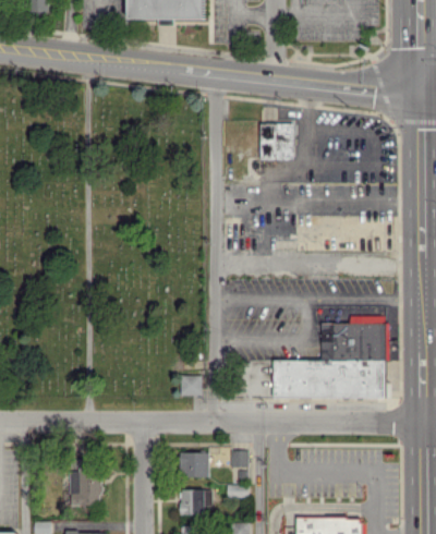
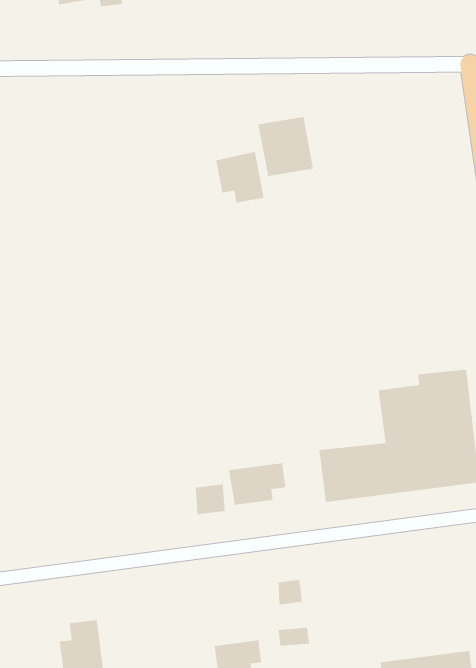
building: none -> [216,151,264,204]
building: none -> [228,463,286,506]
building: [180,452,209,477] -> none

